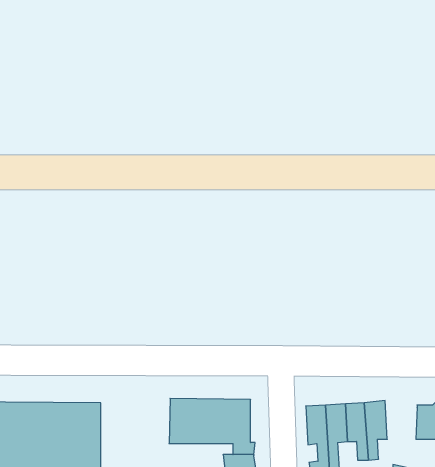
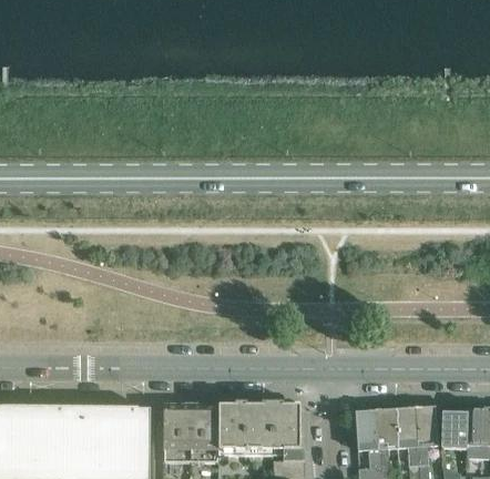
building: none -> [163,402,220,462]
building: none -> [442,410,468,449]

